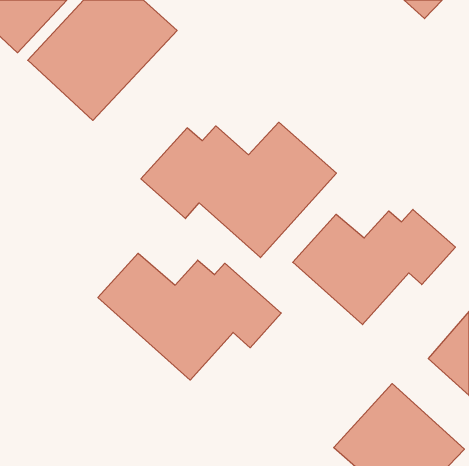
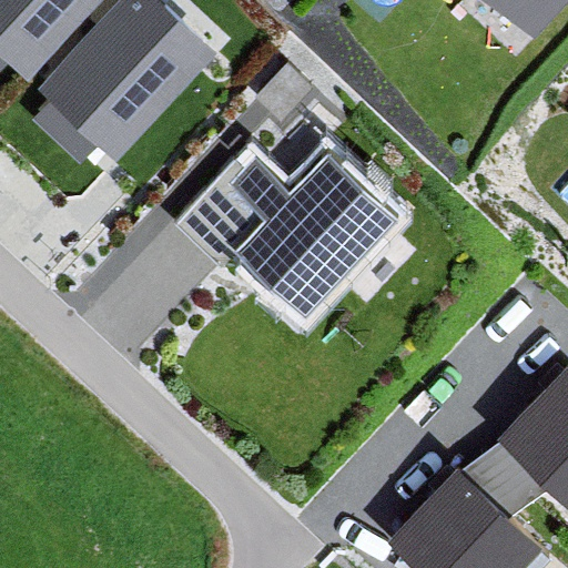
building: [293,209,455,325] -> none
building: [98,253,281,380] -> none

